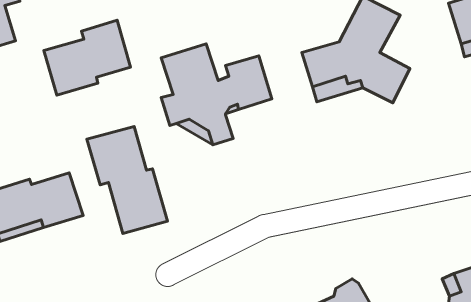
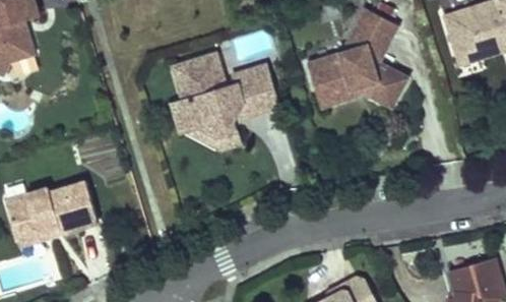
building: [44,20,131,95] -> none
building: [87,126,168,234] -> none

